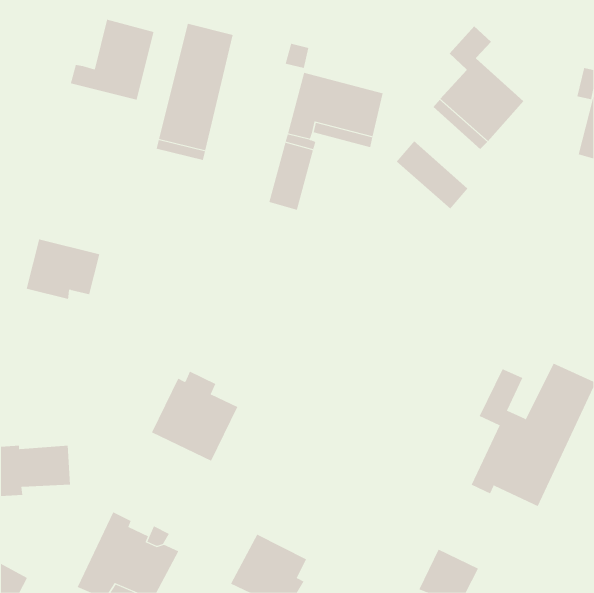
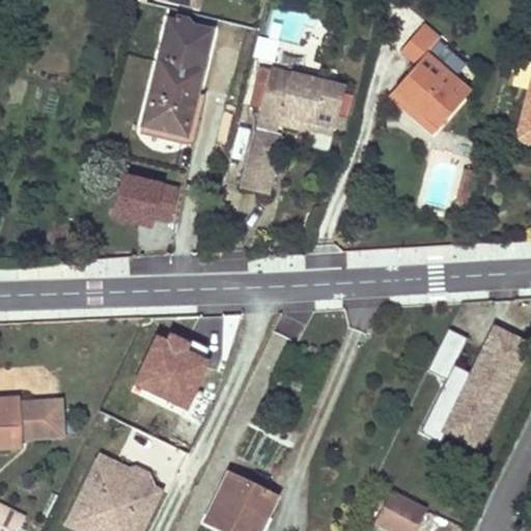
building: [70,19,154,100] -> none
building: [396,141,468,209] -> none
building: [26,239,100,299] -> [114,172,180,226]

